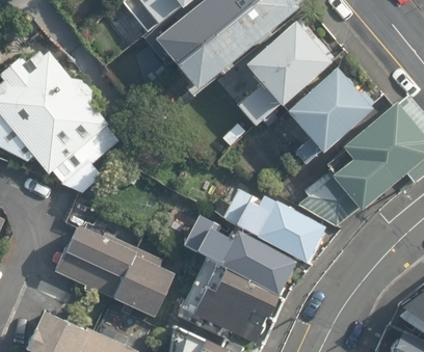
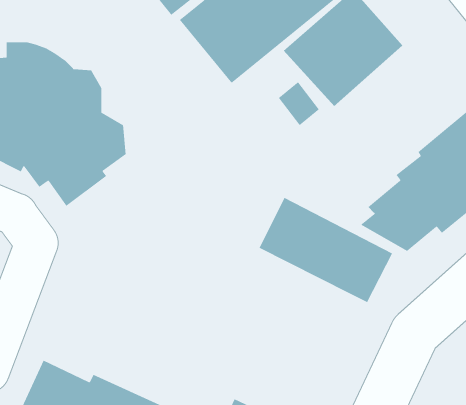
building: [280,60,375,155] -> none
building: [51,218,179,322] -> none
building: [187,220,292,343] -> none

